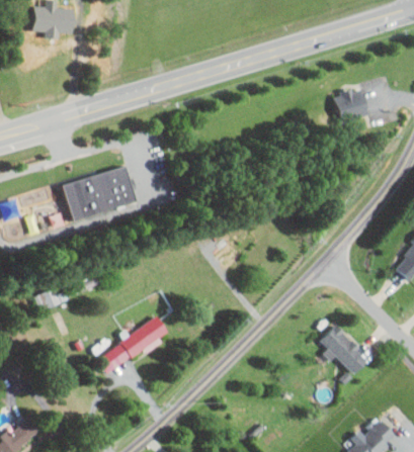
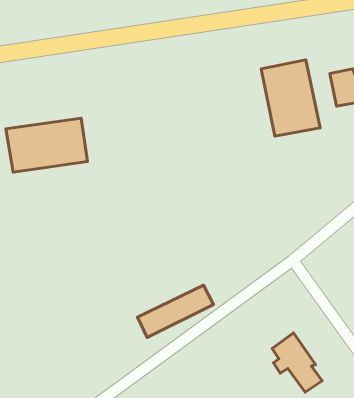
building: none -> [261,60,320,136]
building: [105,315,169,368] -> [137,285,213,338]

